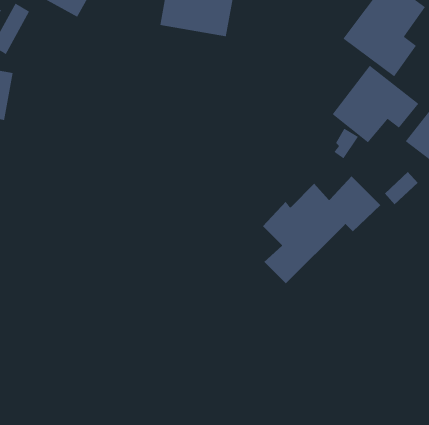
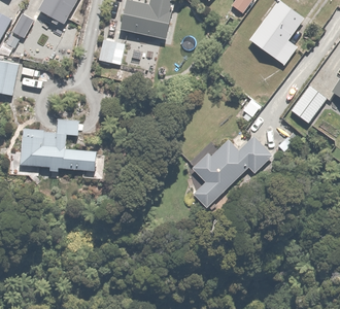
building: none -> [98,32,117,64]
building: [332,65,419,143] -> none
building: none -> [20,118,97,170]

